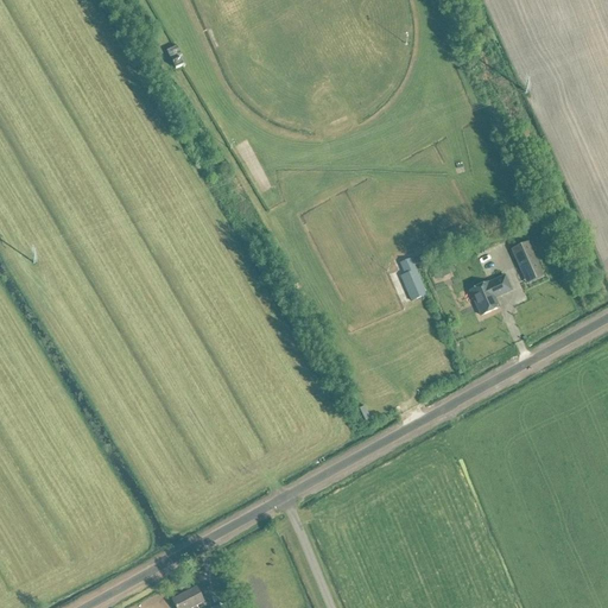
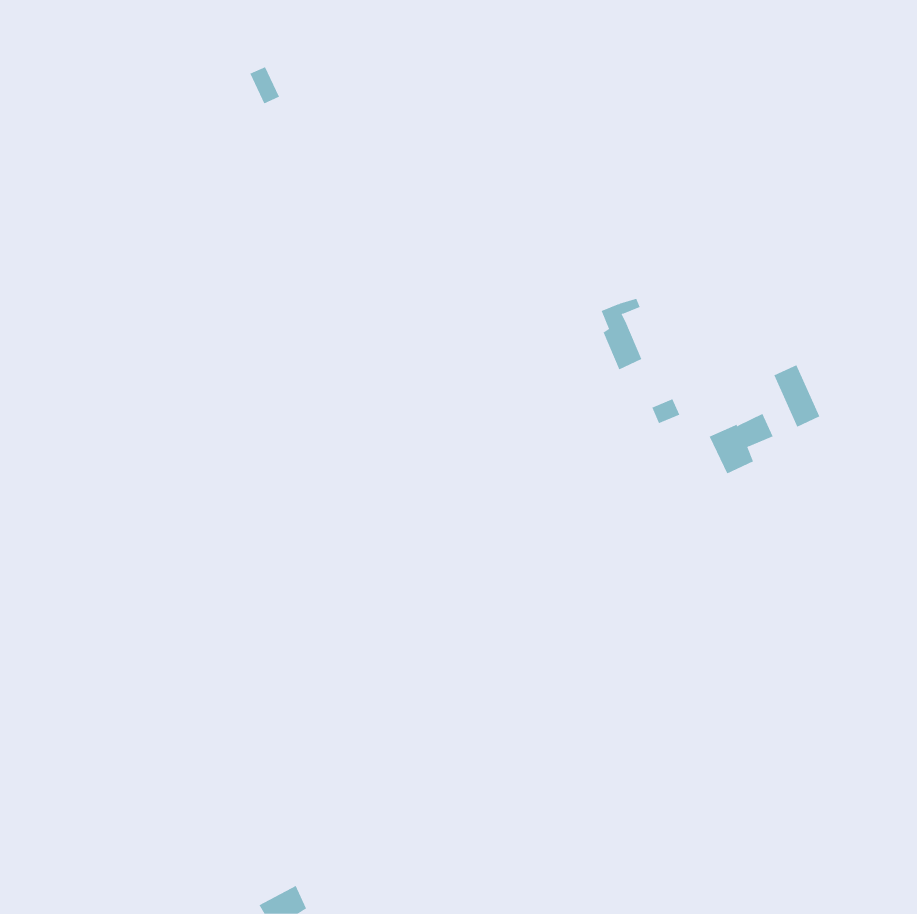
building: [399,253,426,300] -> [601,298,642,370]

